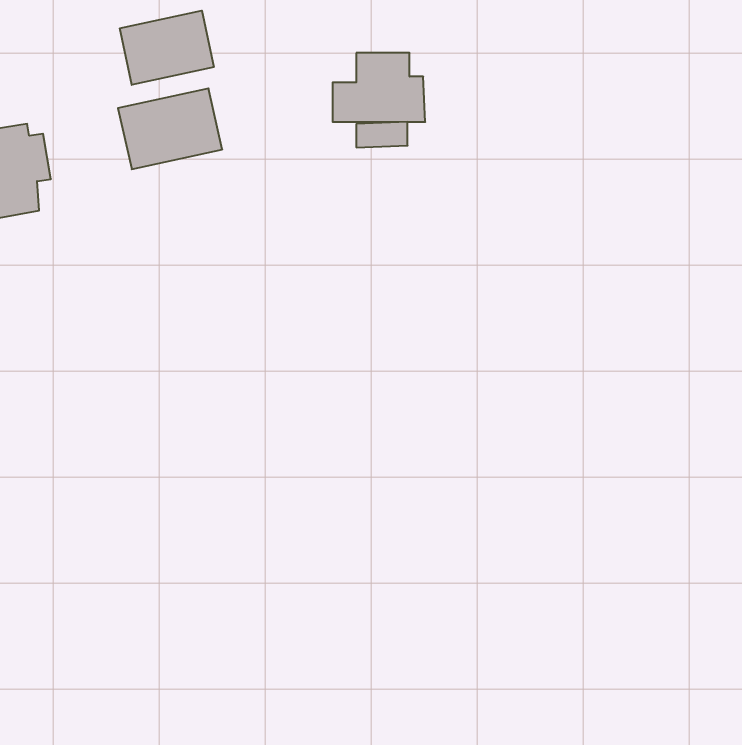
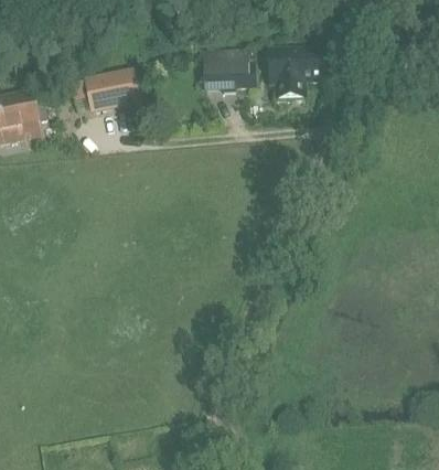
building: [120,11,214,85] -> none
building: none -> [267,50,321,98]

